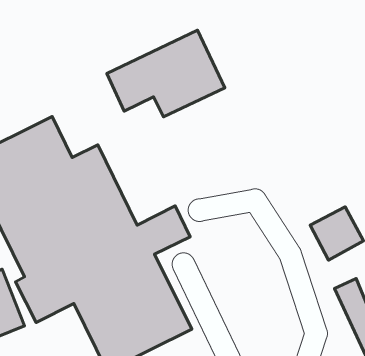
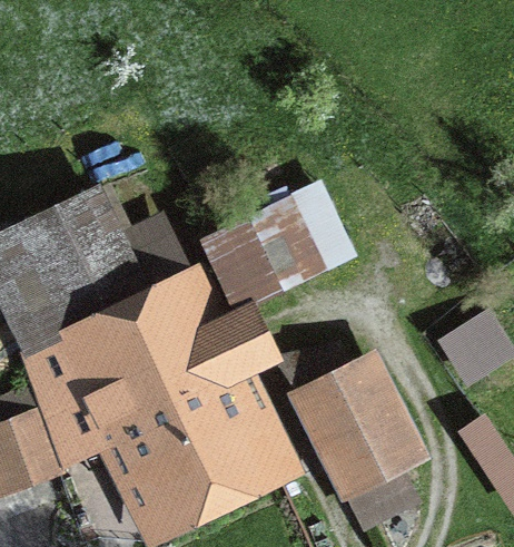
building: [107,30,225,117] -> [206,177,364,293]
building: none -> [290,369,397,501]

